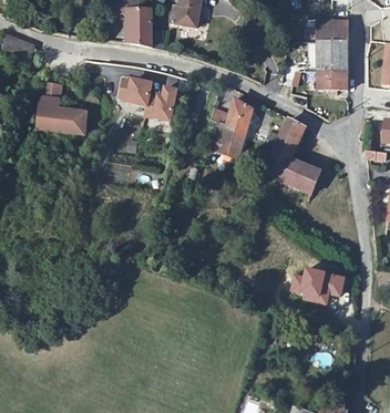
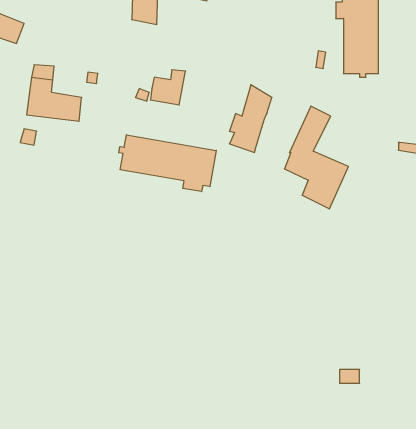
building: [120,76,152,102] -> none
building: none -> [119,135,216,192]
building: [291,265,343,300] -> none

